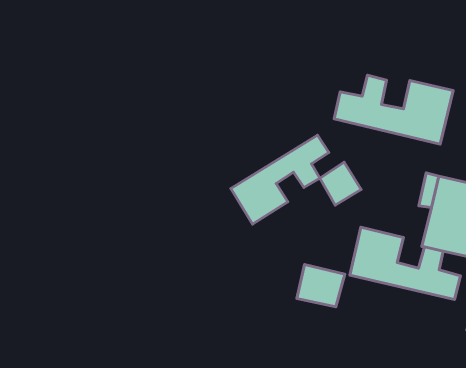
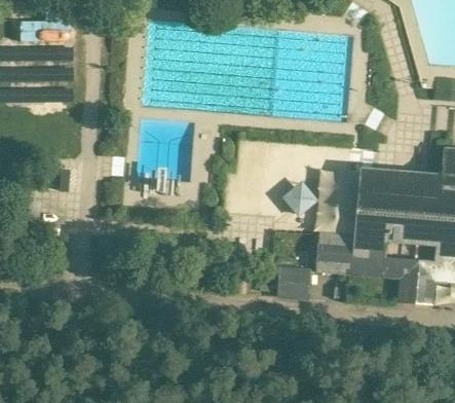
building: [334,75,453,144] -> none
building: [231,135,329,224] -> none

